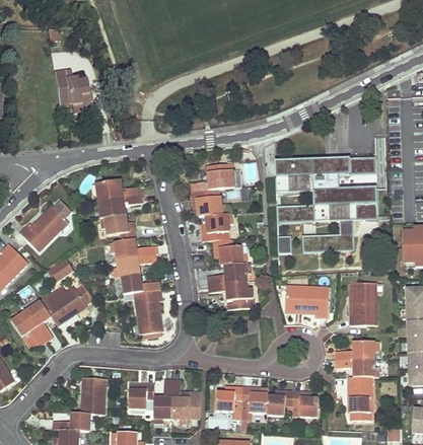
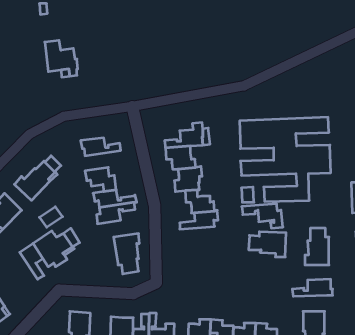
building: [98,194,142,217] -> none
building: [121,273,160,293] -> none
building: [207,280,254,307] -> [242,204,283,228]
building: [11,309,46,345] -> none
building: [335,358,378,376] -> none

